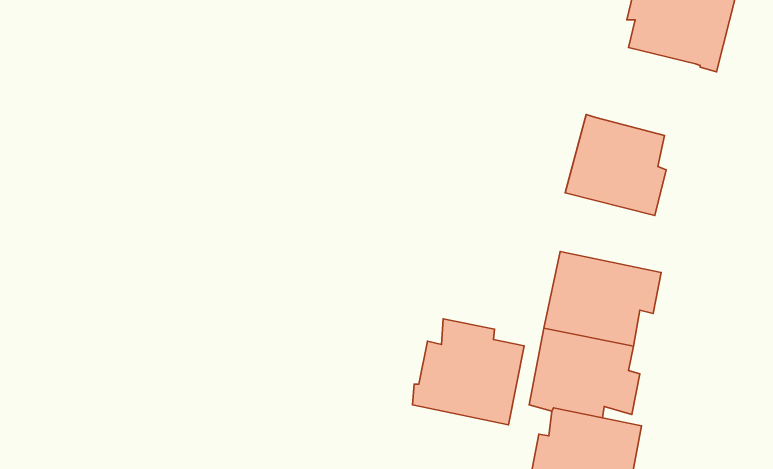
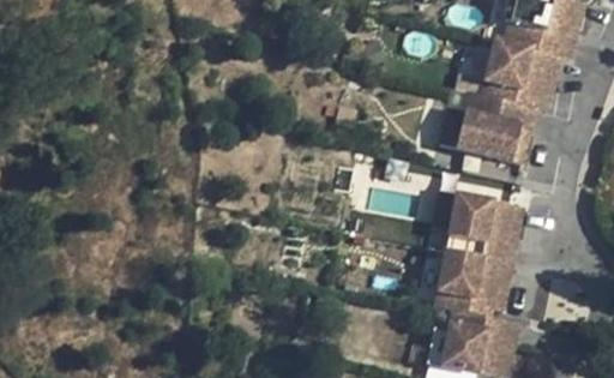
building: none -> [476,40,550,110]
building: [413,319,524,425] -> none

